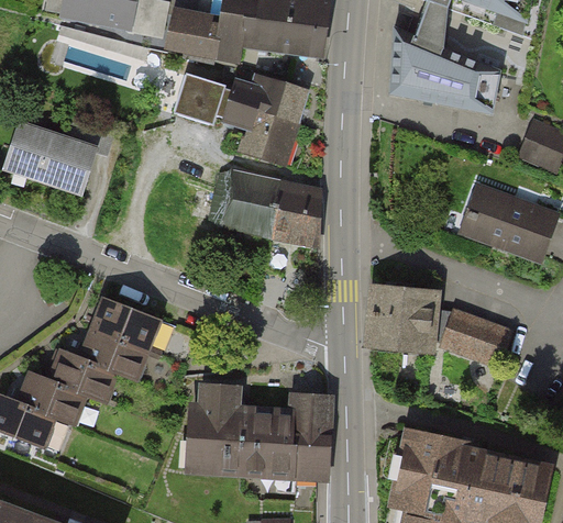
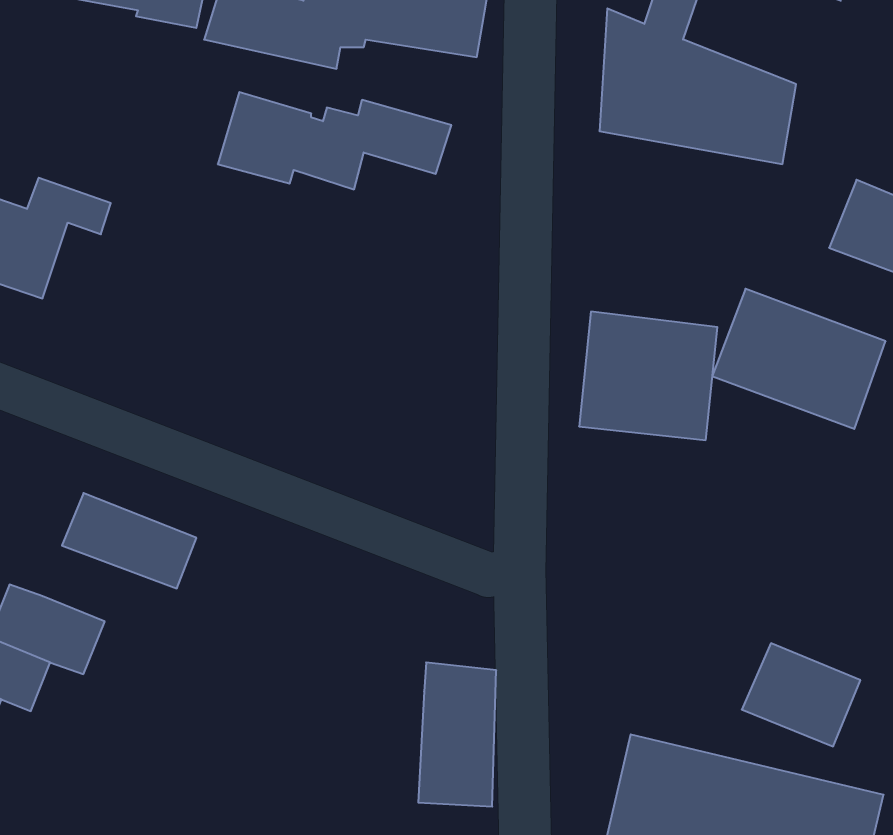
building: [227,107,298,164] -> none
building: [210,170,321,242] -> none
building: [367,282,445,355] -> [579,312,717,440]
building: [446,309,514,367] -> [742,643,860,746]
building: [76,329,152,382] -> none
building: [199,386,291,474] -> none

